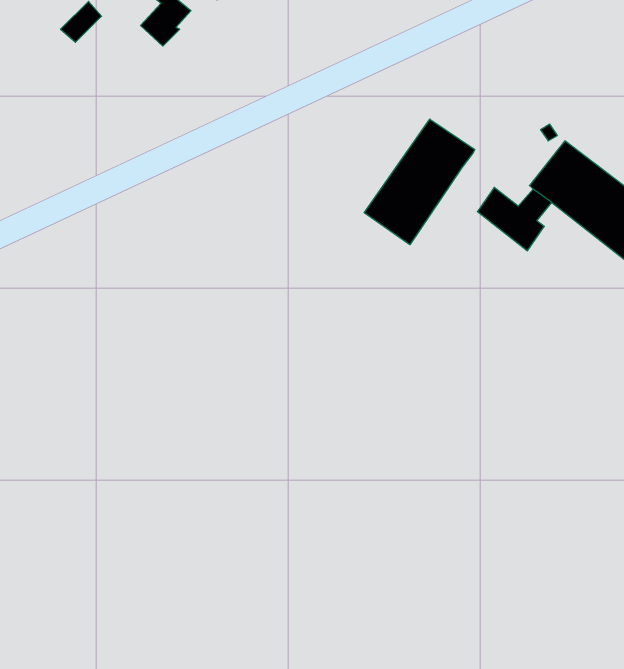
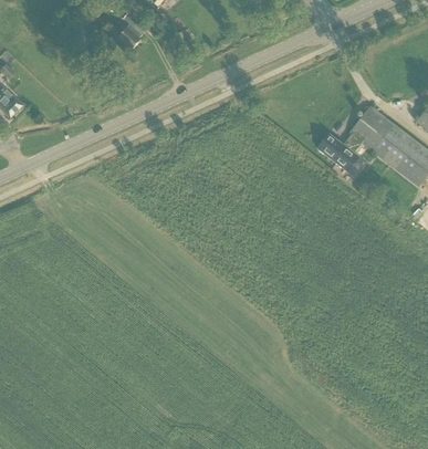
building: [364,119,475,245] -> none

